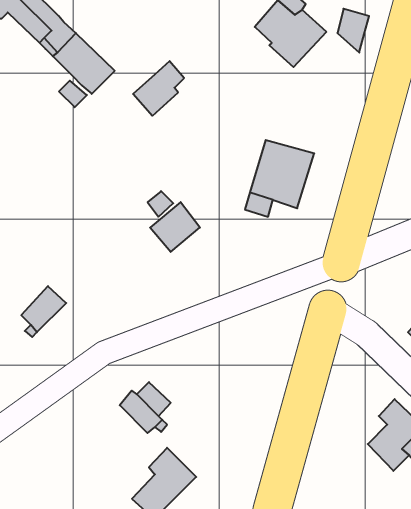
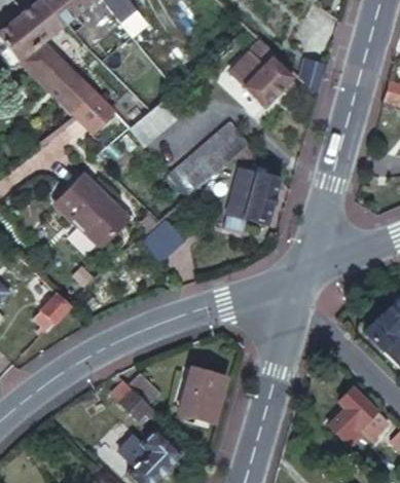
building: none -> [169,124,251,199]
building: none -> [57,177,128,247]
building: none -> [178,365,226,420]

